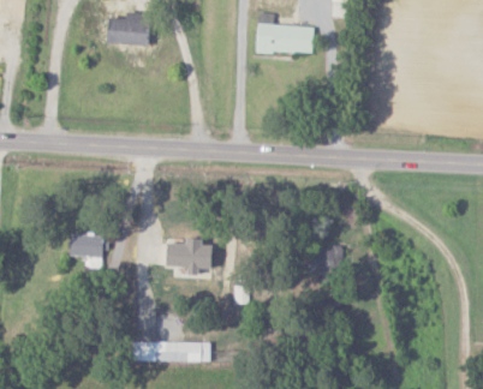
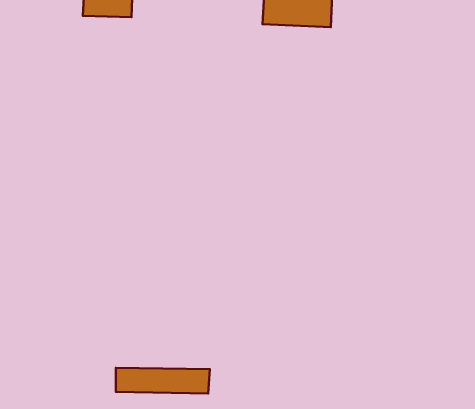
building: [68,235,102,267] -> none
building: [162,239,210,276] -> none

